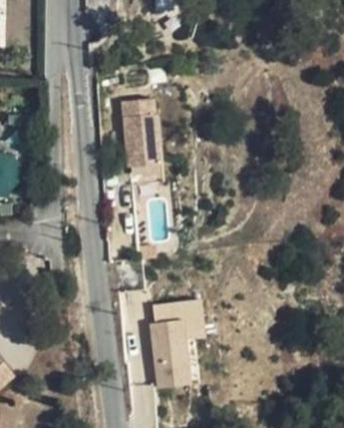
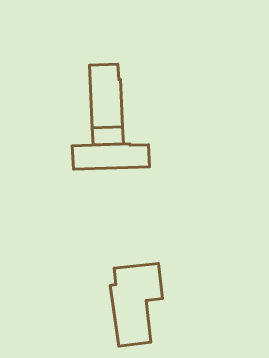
building: none -> [72,144,150,169]

